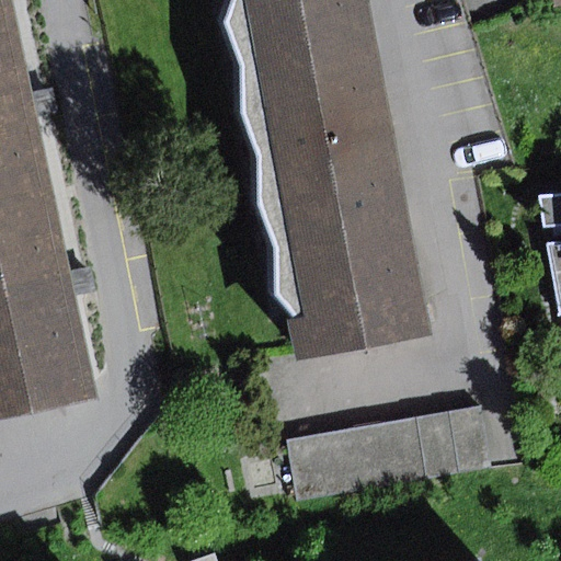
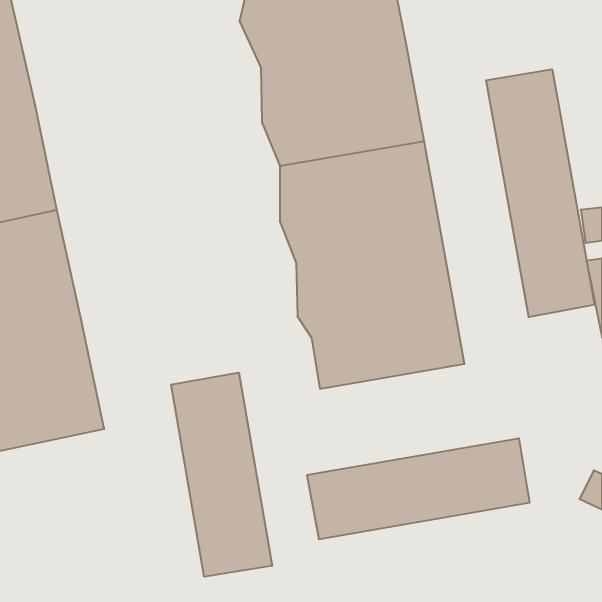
building: none -> [486,69,595,317]
building: none -> [171,373,272,577]

